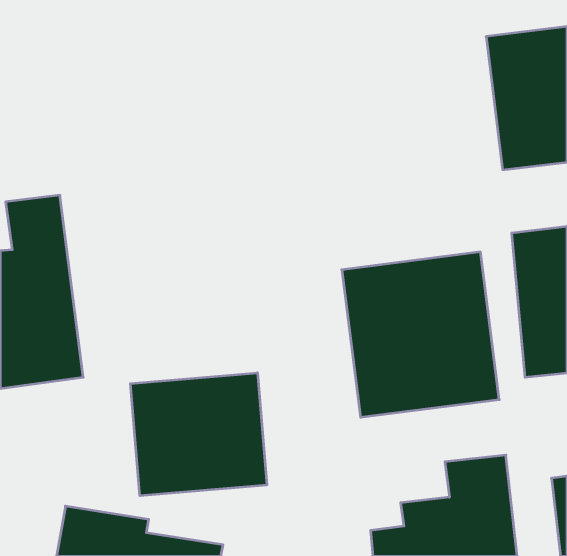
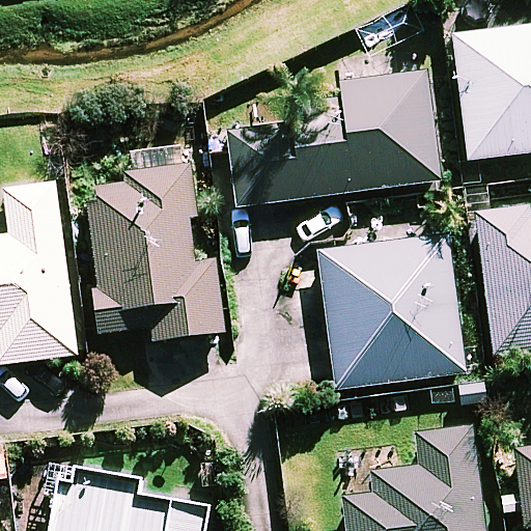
building: none -> [231,72,440,204]
building: none -> [88,148,224,339]
building: [130,373,267,496] -> none

